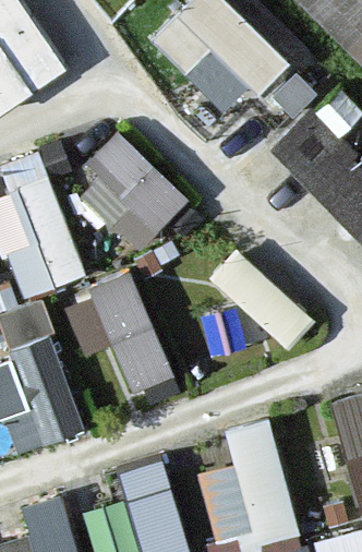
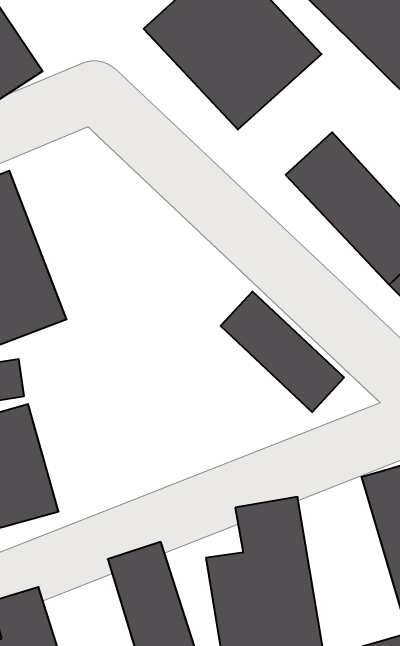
building: [75,133,189,248] -> none
building: [62,269,176,389] -> none

